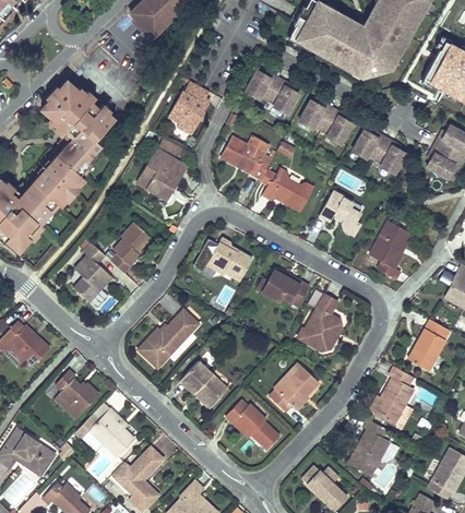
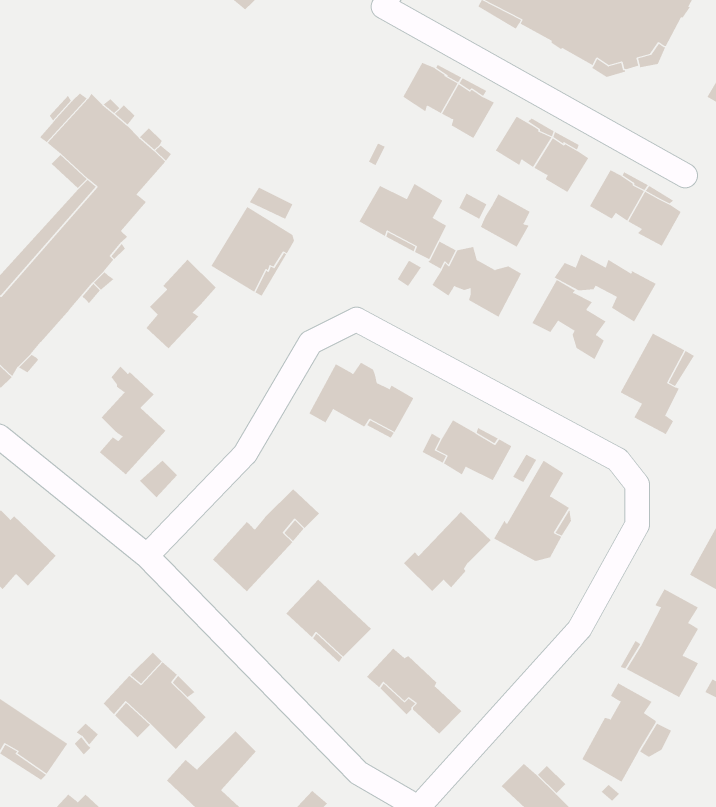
building: [168,80,210,133] -> none
building: none -> [480,194,531,247]
building: none -> [554,253,656,322]
building: [110,222,151,273] -> [145,259,216,349]
building: [269,366,319,411] -> [403,511,492,592]
building: [53,369,98,419] -> none

